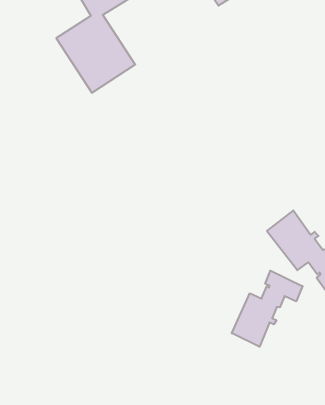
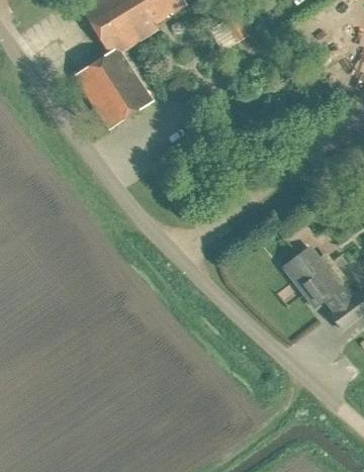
building: [232,271,303,347] -> none

